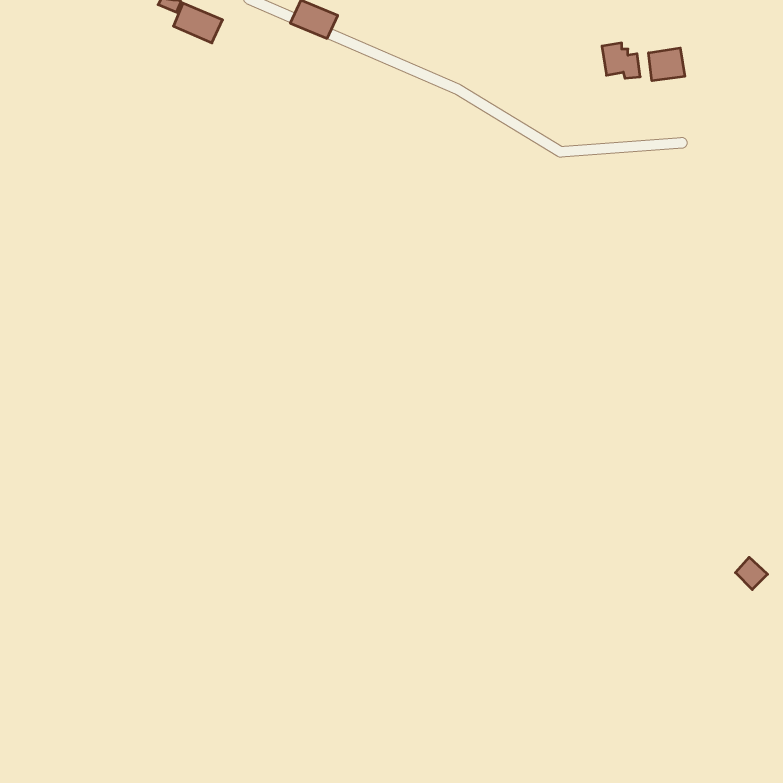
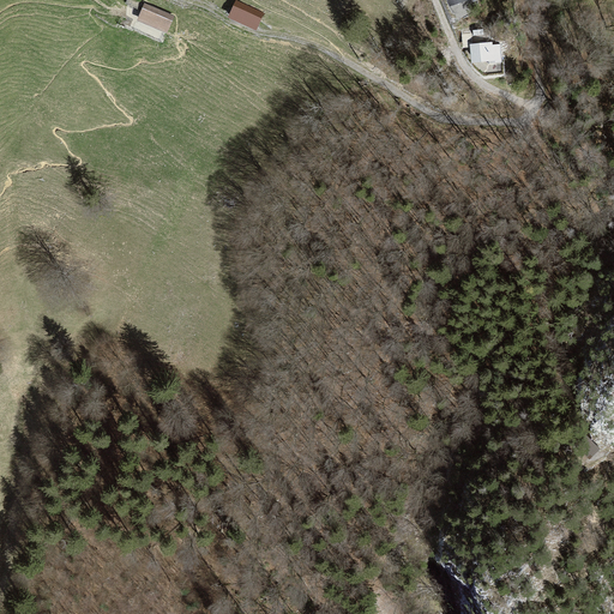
building: [649,48,685,81] -> none

